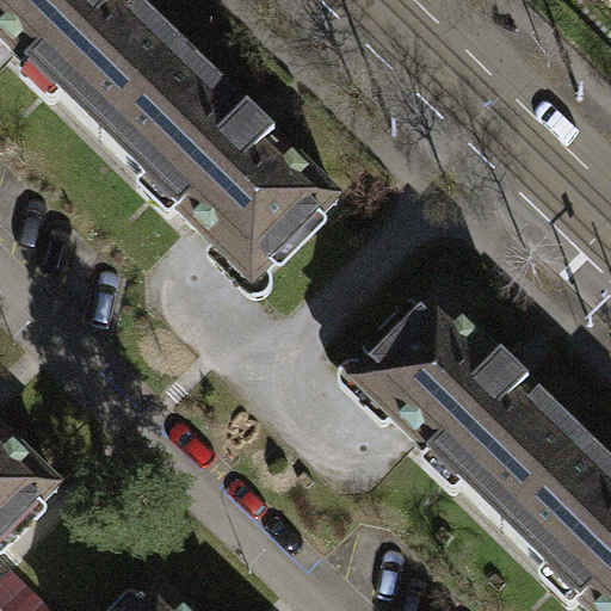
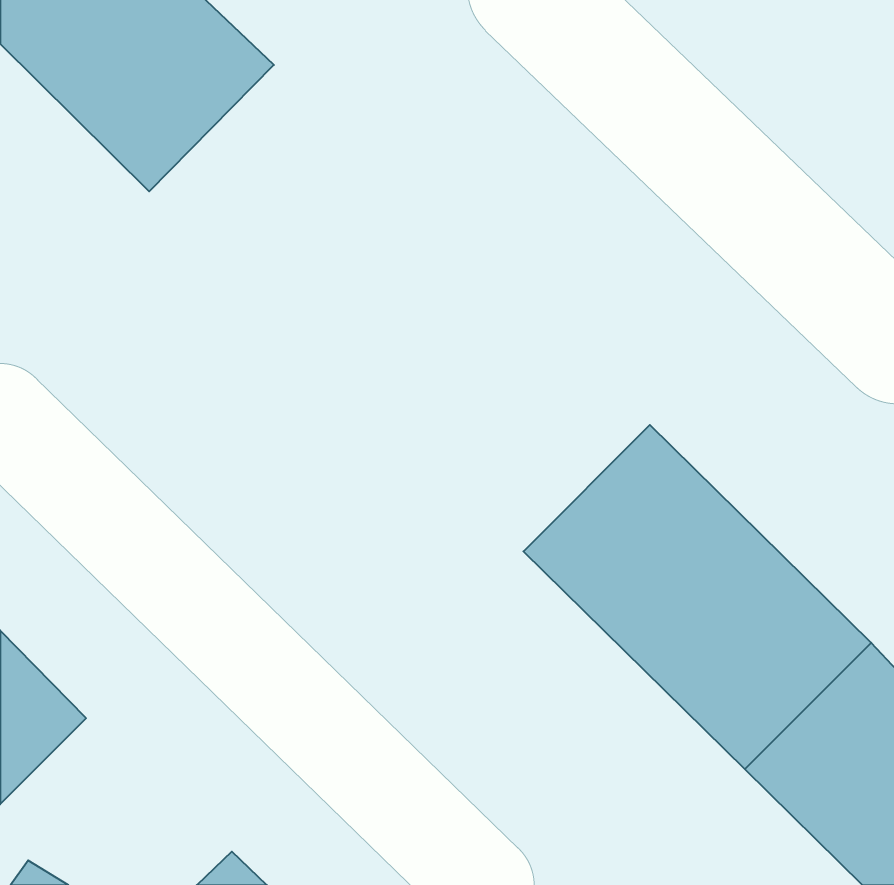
building: [104,44,337,277] -> none

